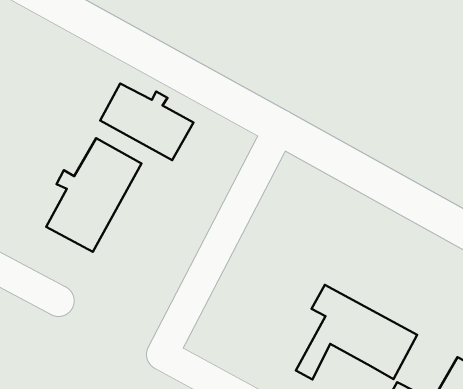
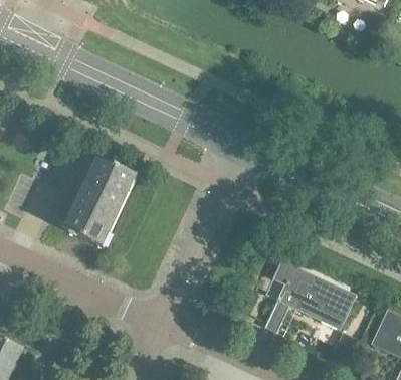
building: [100,83,193,160] -> none

